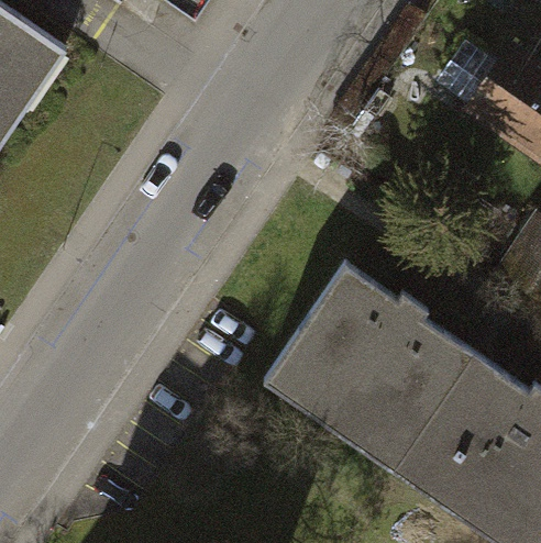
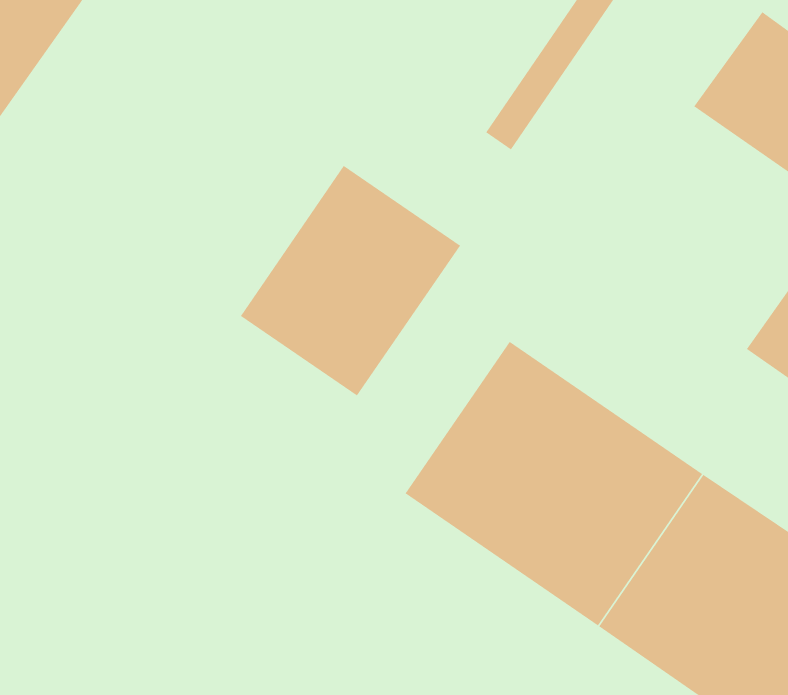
building: none -> [240,165,461,397]

